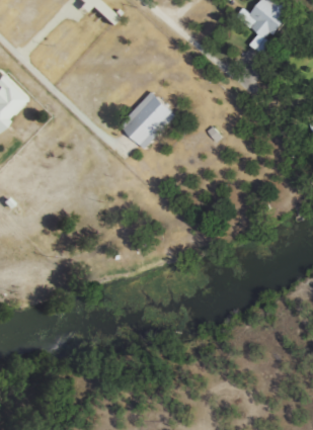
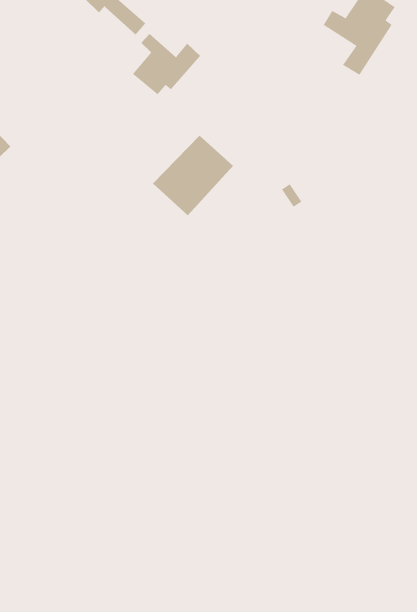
building: none -> [132,33,201,95]

